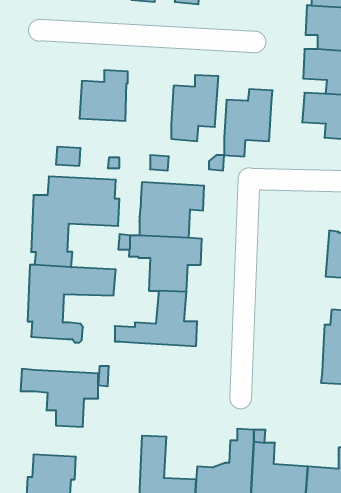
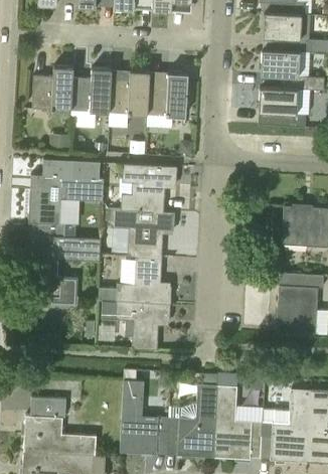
building: none -> [31,66,72,110]
building: [224,89,273,156] -> [110,70,151,128]
building: [21,369,98,427] -> [103,300,169,349]

